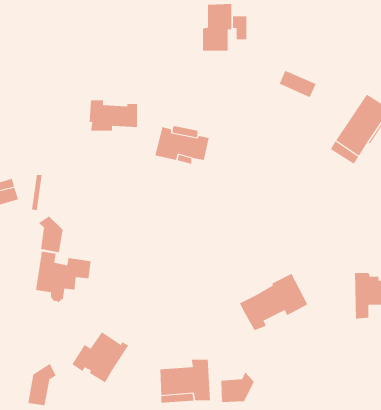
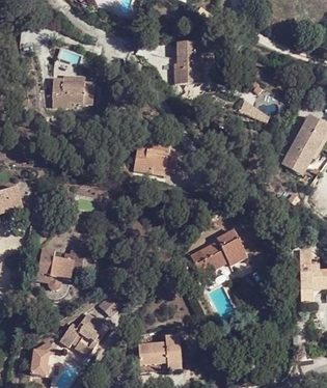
building: [89,100,138,131] -> [52,84,92,110]
building: [38,215,63,253] -> none
building: [239,273,308,331] -> [189,230,246,278]
building: [221,371,255,403] -> none

